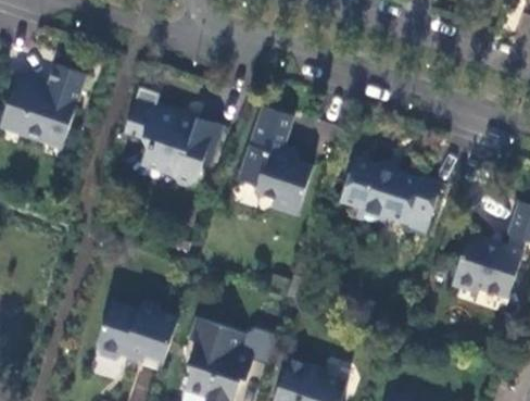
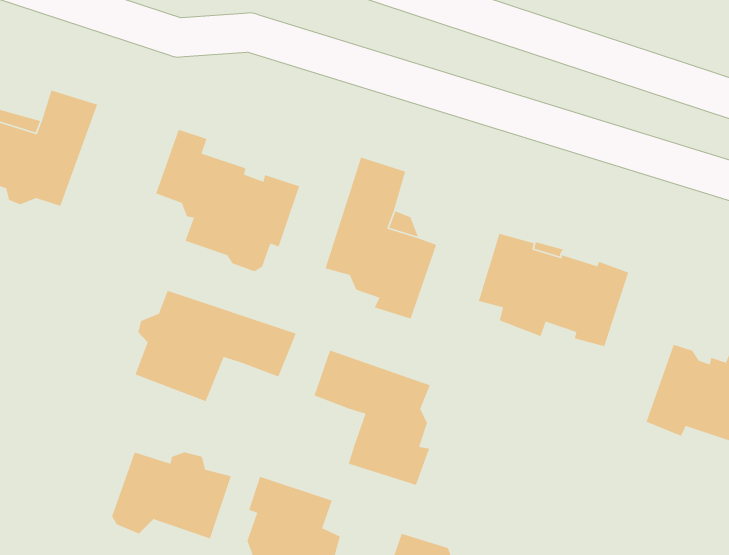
building: none -> [134,290,297,402]
building: none -> [313,349,431,486]
building: [237,329,277,365] -> none

